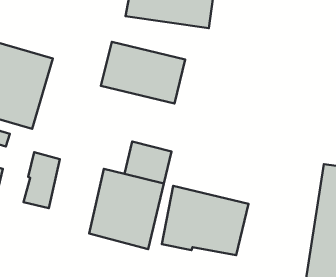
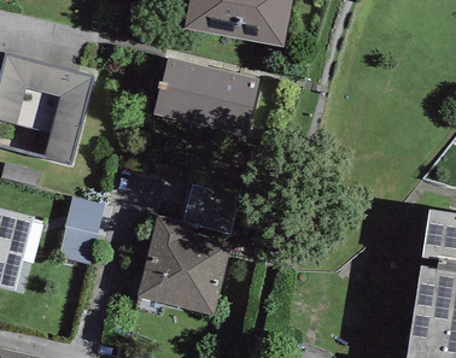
building: [162,186,249,255] -> none

